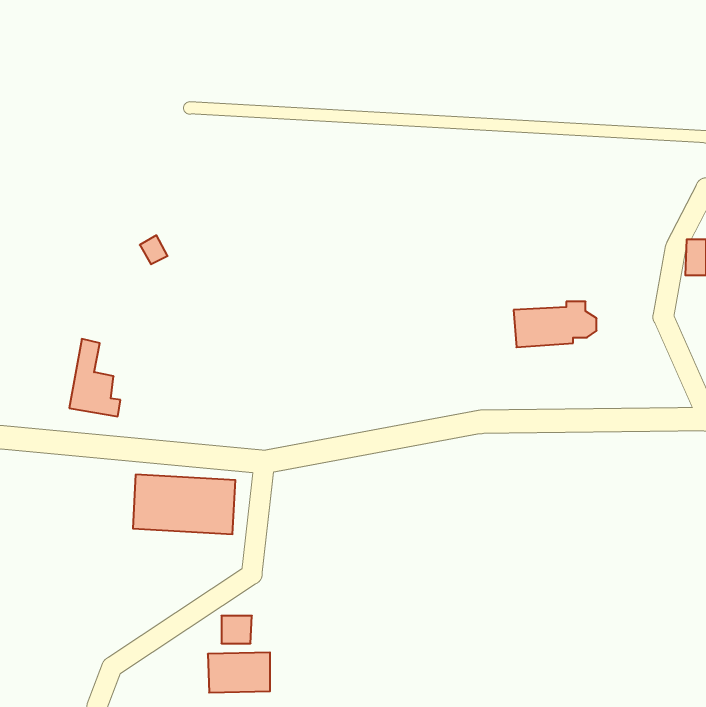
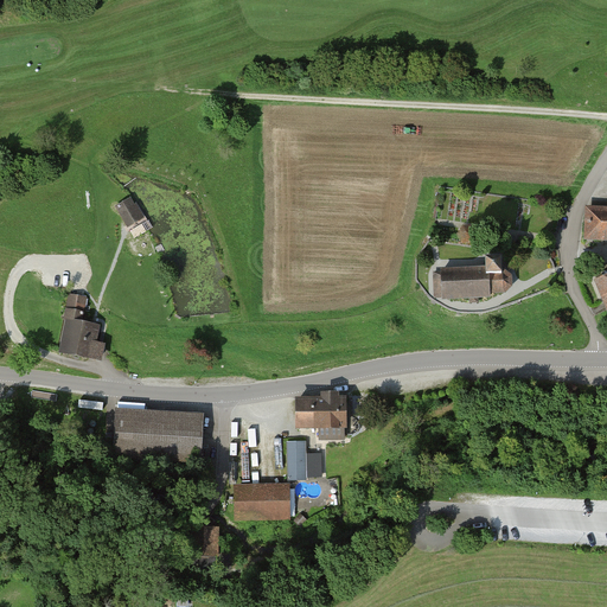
building: none -> [296,391,345,424]
building: none -> [288,441,317,479]
building: [208,652,270,693] -> [237,488,290,523]

